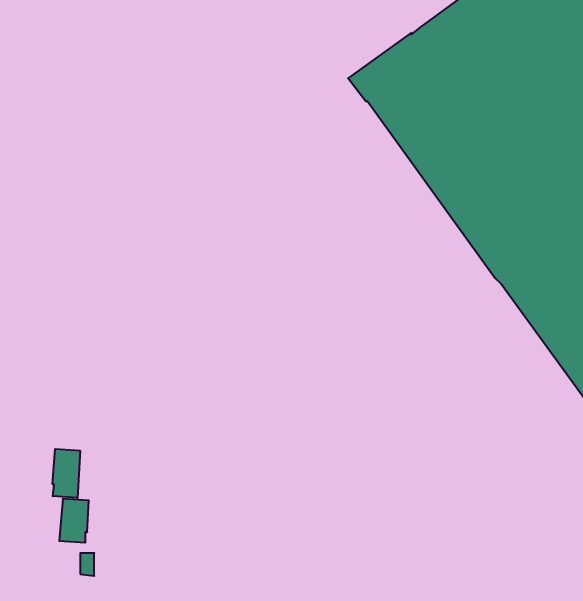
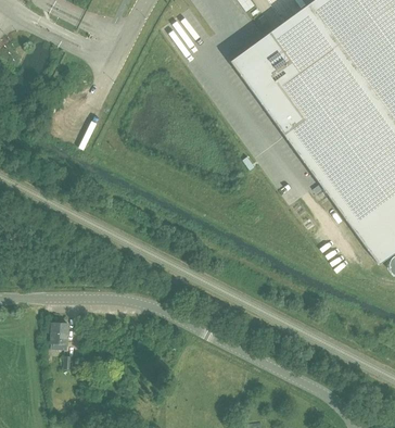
building: [53,449,80,498] -> none

